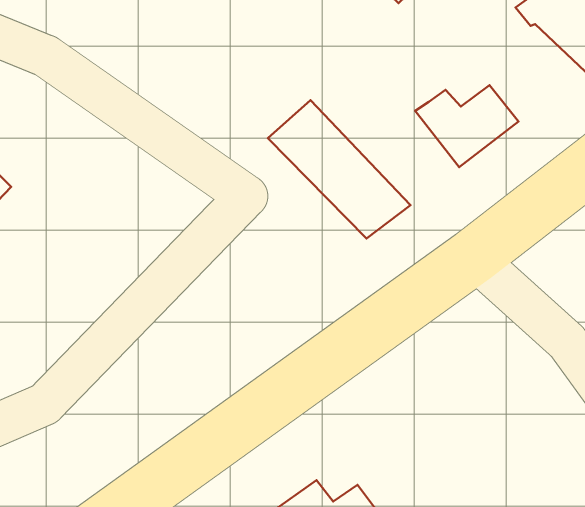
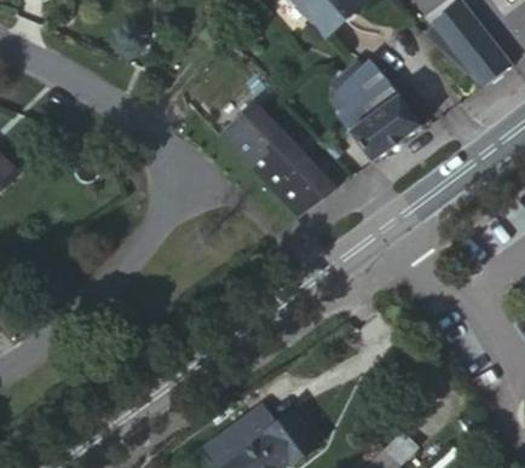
building: none -> [334,62,397,109]

